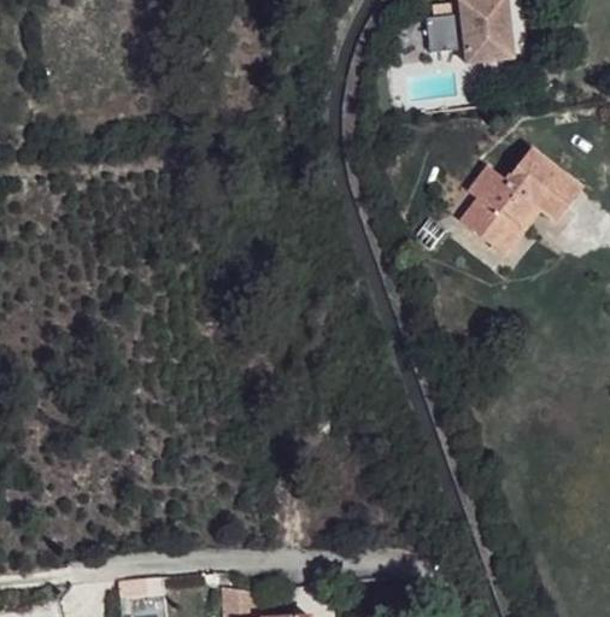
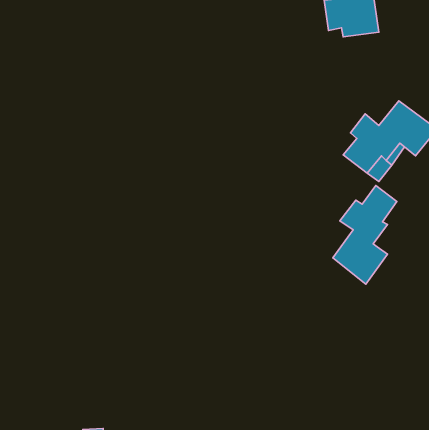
building: none -> [333,185,397,284]

